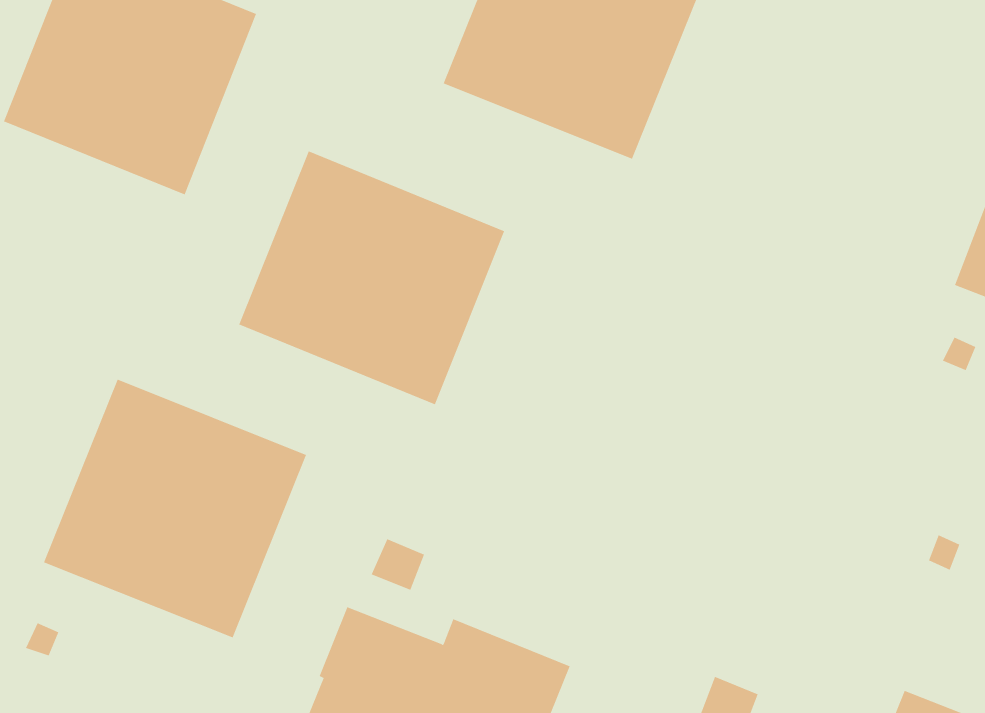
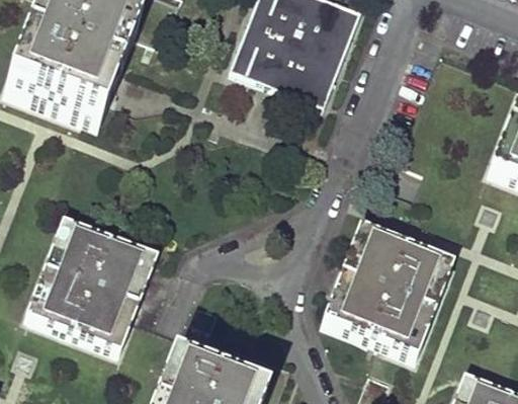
building: [239,150,505,405] -> none
building: none -> [319,228,452,359]

